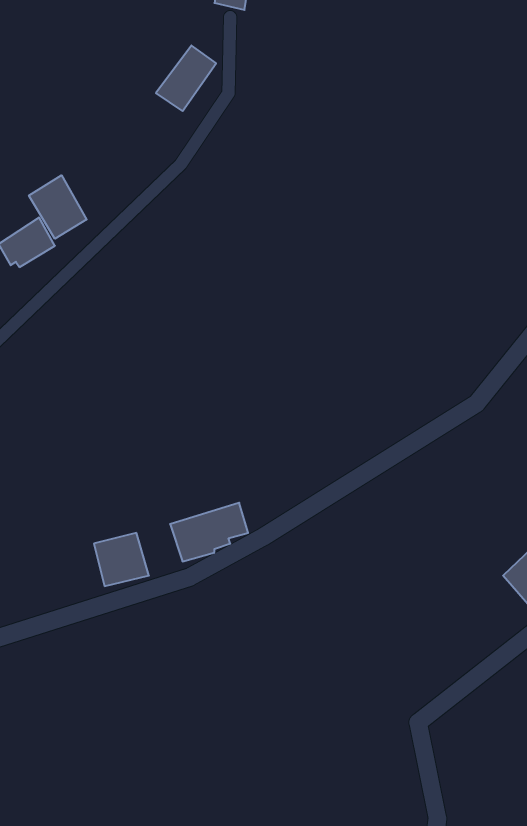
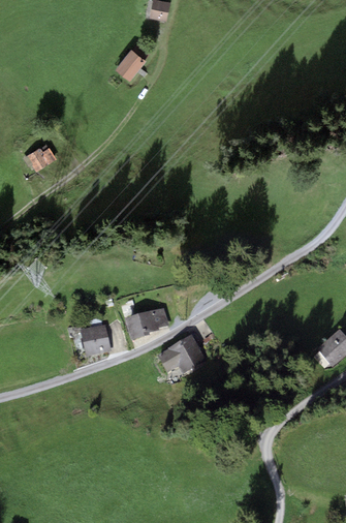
building: [29,175,87,239] -> none
building: none -> [158,335,206,373]

